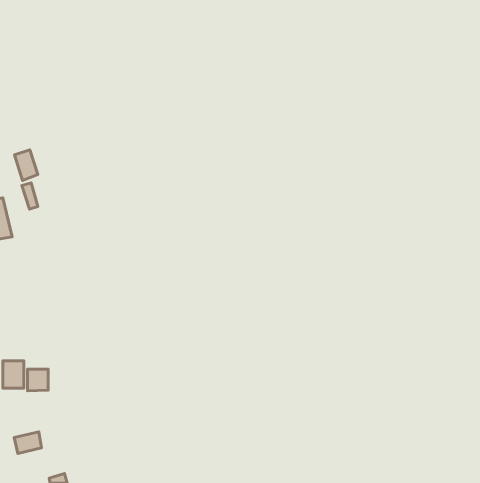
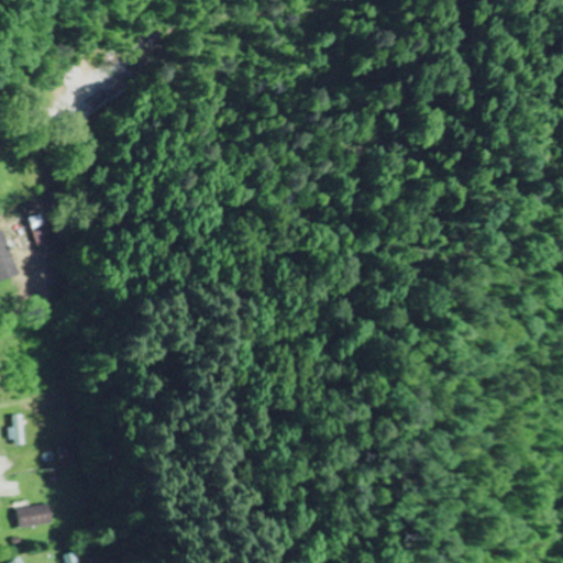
building: [14,150,38,180] -> none
building: [27,369,48,391] -> none

